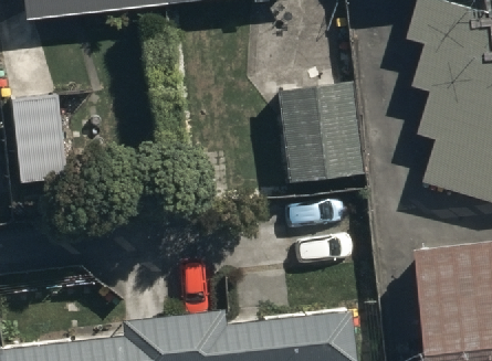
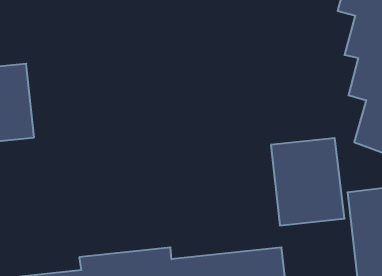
building: [280,87,363,185] -> [271,138,345,225]

